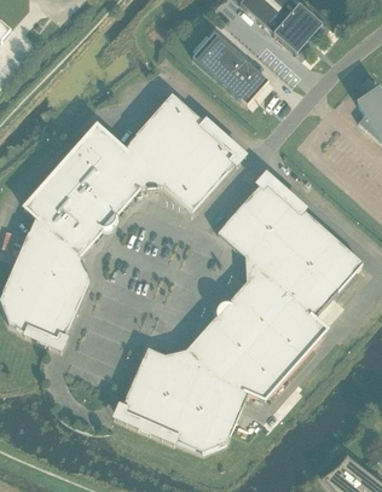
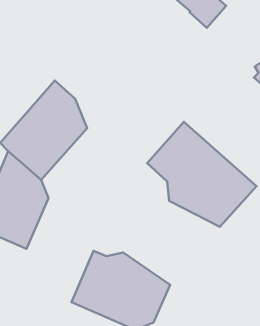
building: [192,30,268,104] -> none
building: [123,93,241,209] -> none
building: [186,282,328,399] -> none

